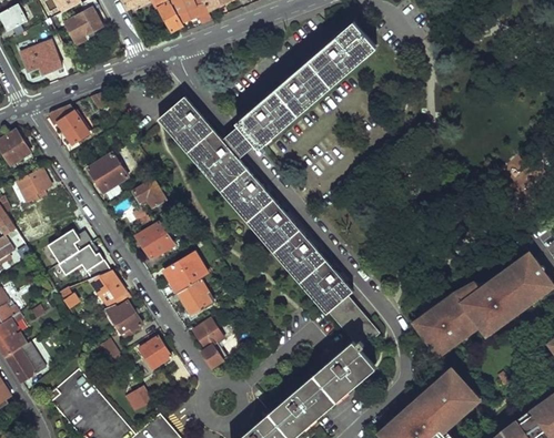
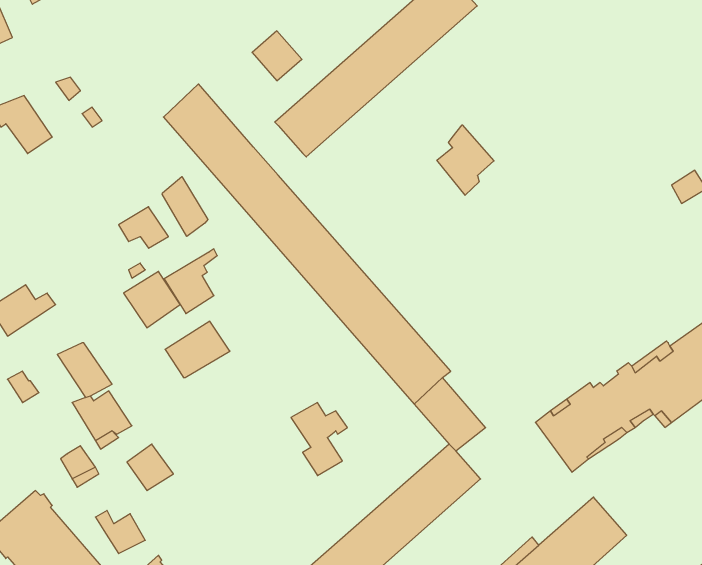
building: none -> [437,125,494,195]
building: [223,125,256,159] -> [252,31,302,81]
building: [88,154,128,192] -> none
building: none -> [162,177,208,236]
building: [59,247,109,288] -> none
building: [178,274,213,317] -> [164,249,217,314]
building: [193,319,231,368] -> [291,403,347,476]

